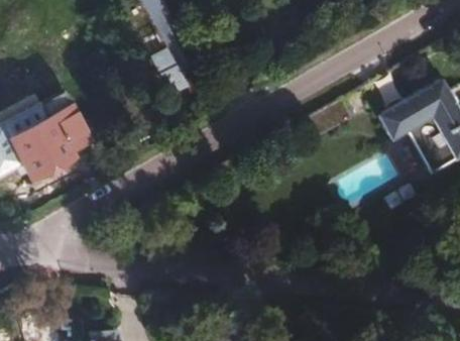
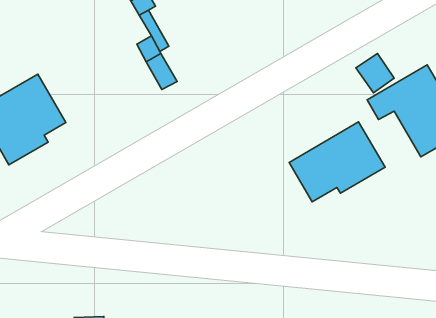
building: none -> [289,122,385,202]

